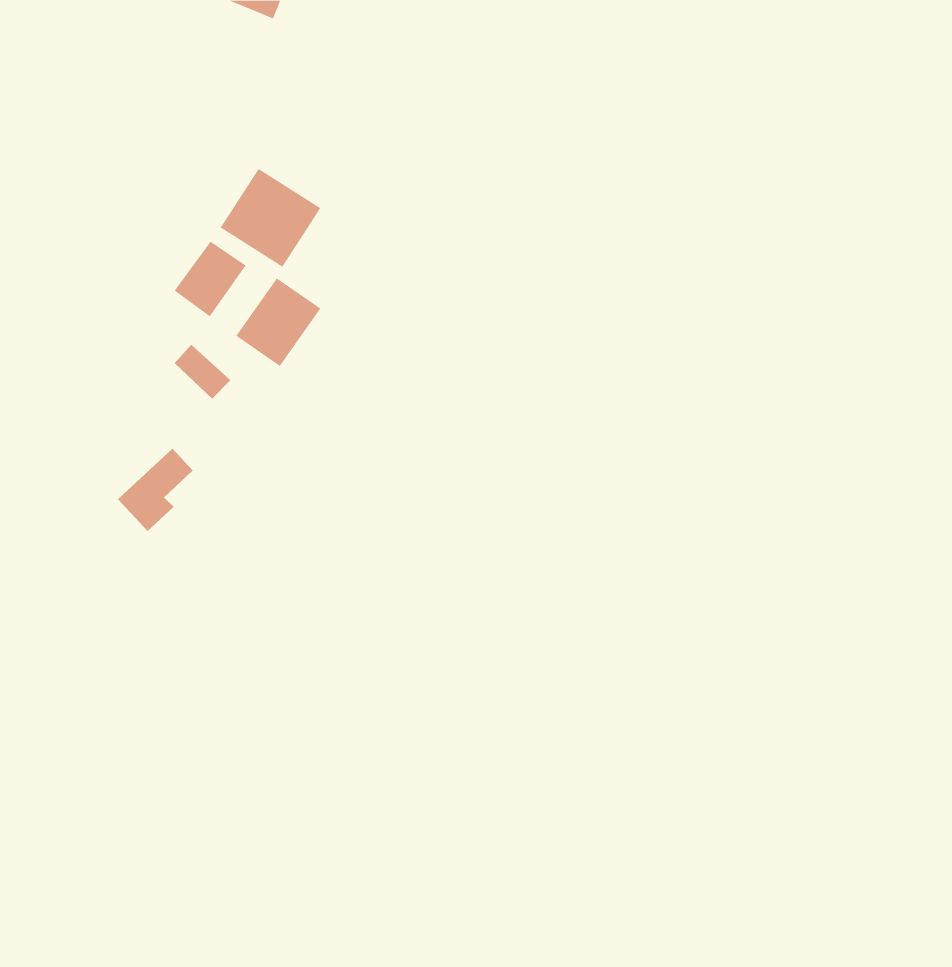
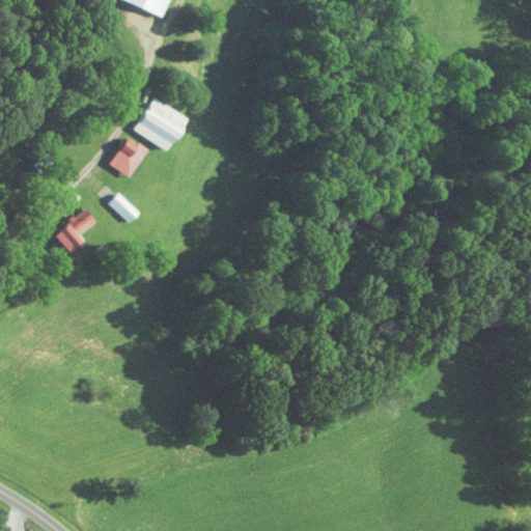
building: [235,278,321,367] -> none
building: [117,448,193,532] -> [54,207,95,253]

